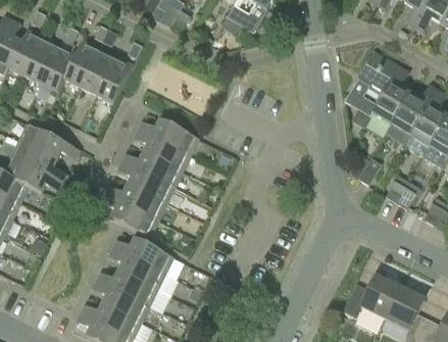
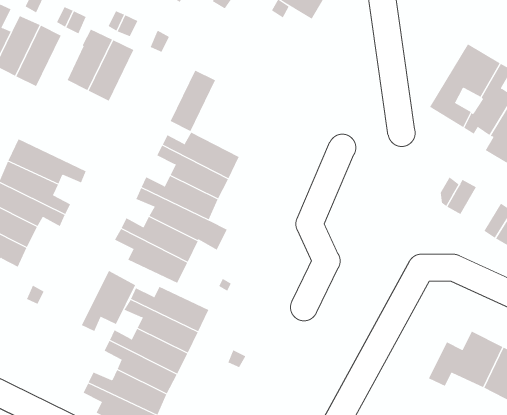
building: [40,45,76,93] -> none
building: [96,56,132,104] -> [170,70,216,132]
building: none -> [81,270,136,332]

